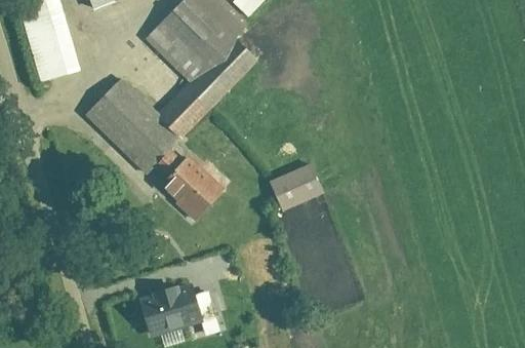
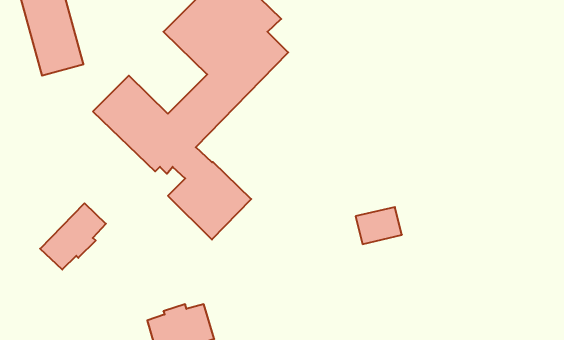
building: [274,167,315,200] -> [356,207,402,244]
building: none -> [40,203,106,270]

